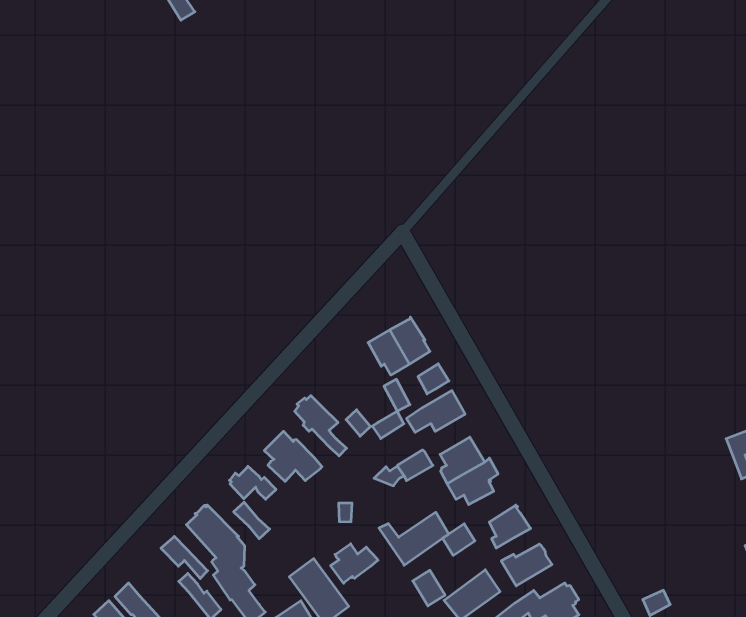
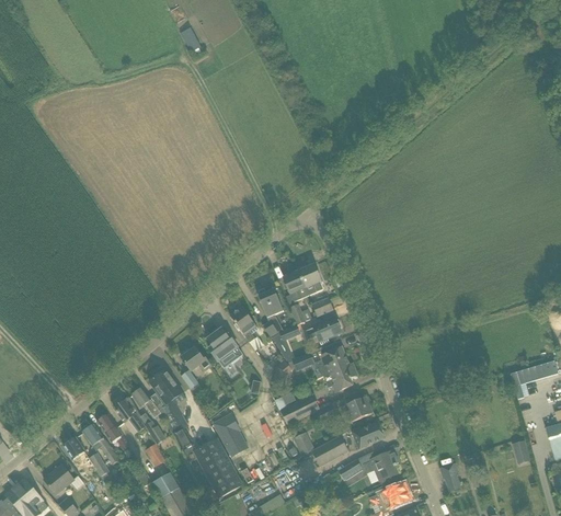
building: none -> [257,287,284,317]
building: [331,544,378,583] -> none
building: none -> [114,397,145,431]

